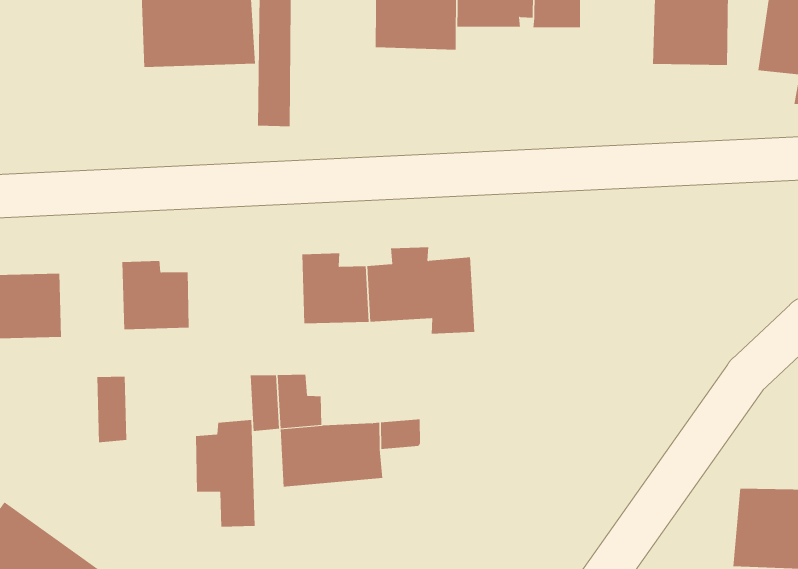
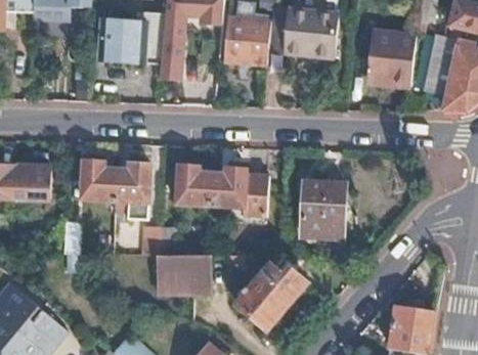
building: none -> [301,184,344,238]
building: [195,419,256,527] -> [114,163,146,219]
building: none -> [236,263,307,330]

